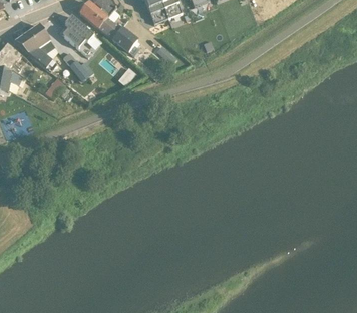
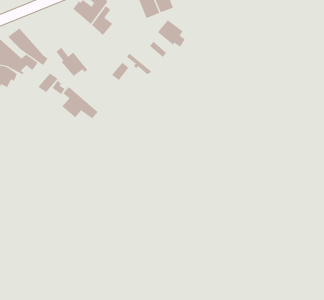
building: [63,15,100,48] -> [62,86,98,119]
building: [26,24,57,59] -> none
building: [109,28,138,56] -> [157,19,186,47]

